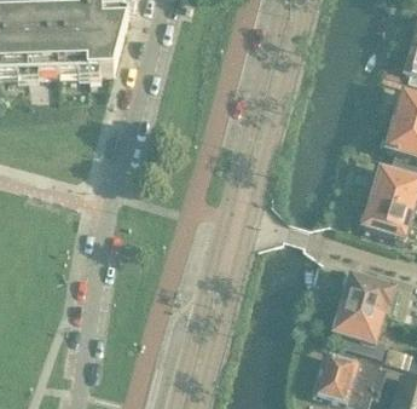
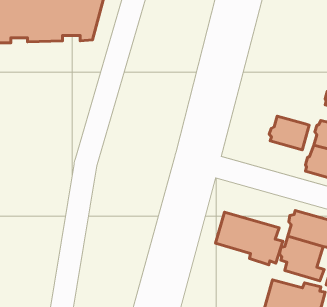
building: none -> [269,116,309,150]
building: none -> [215,212,283,265]

